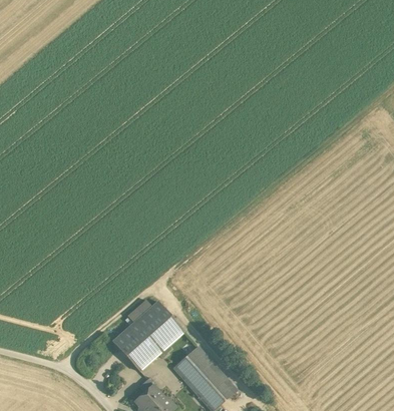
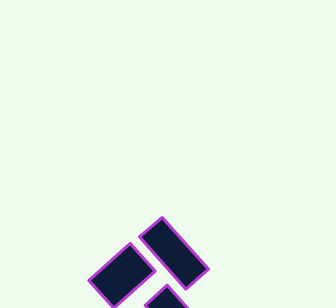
building: none -> [139,218,209,289]

